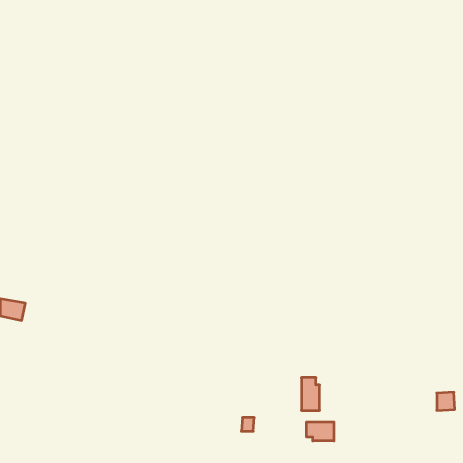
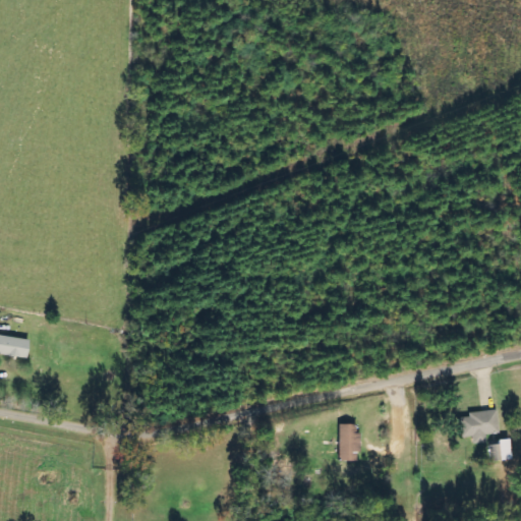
building: none -> [459,408,501,444]
building: [307,422,334,441] -> none

